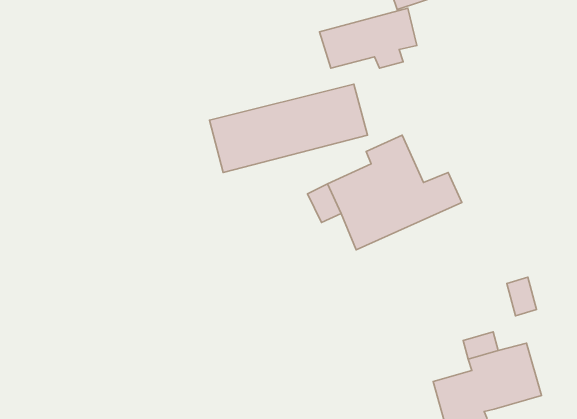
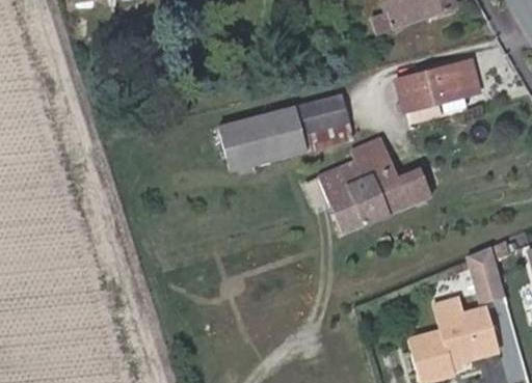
building: [320,8,417,68] -> [396,60,477,110]

